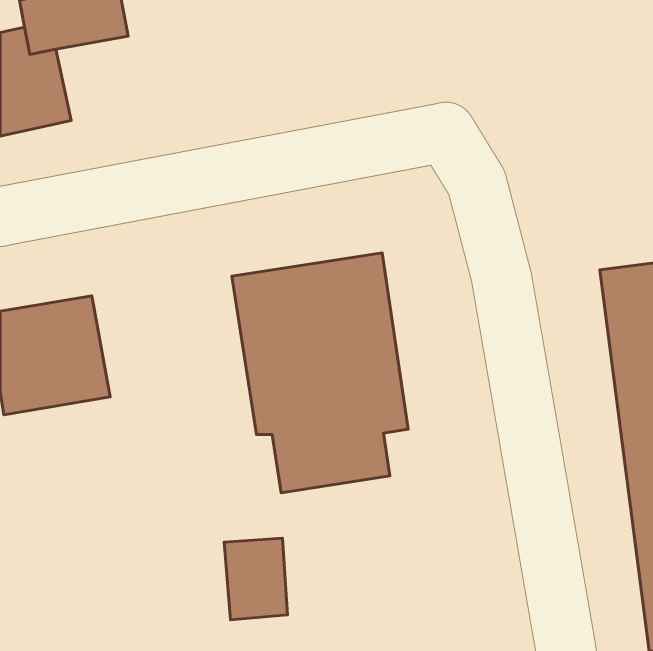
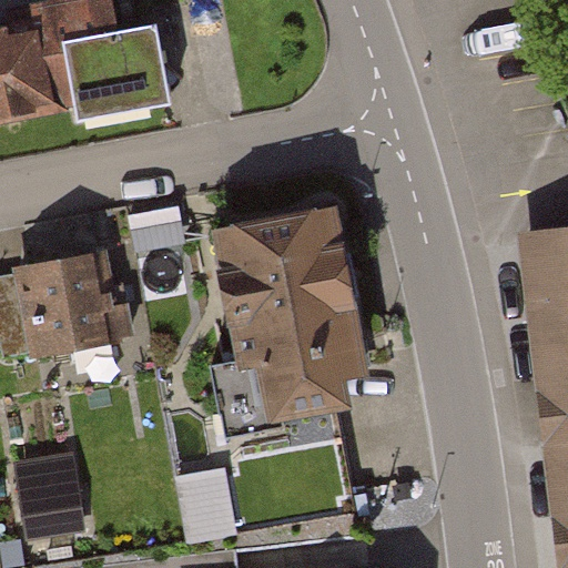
building: none -> [55,24,168,131]
building: none -> [24,459,93,528]

